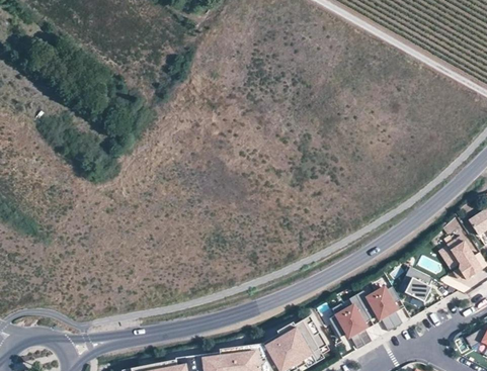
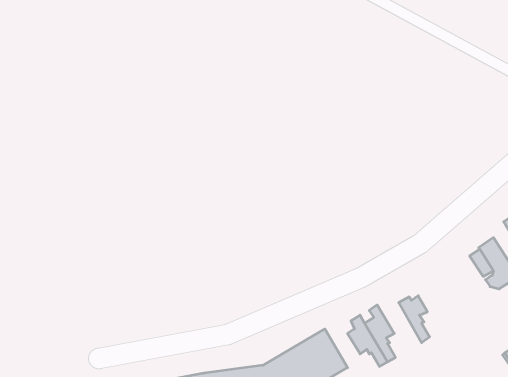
building: [401,265,430,300] -> none
building: [356,290,396,332] -> none

